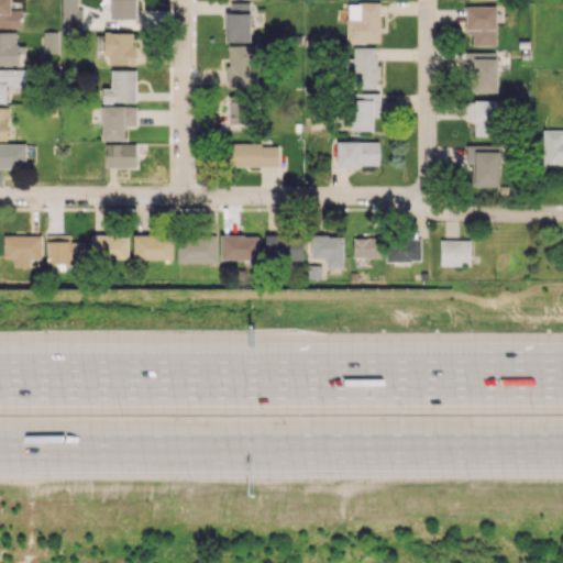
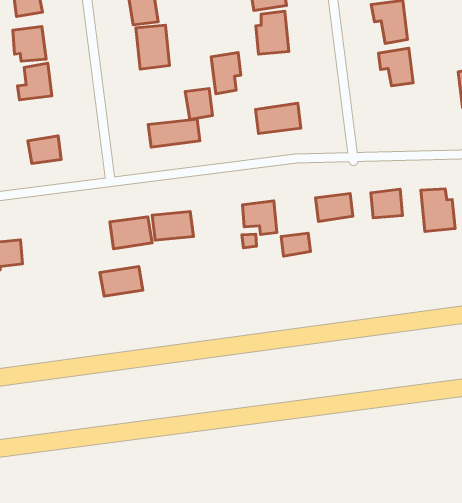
building: [353,93,380,132] -> [211,52,241,94]
building: [229,97,253,125] -> [185,89,213,120]
building: [102,107,136,142] -> none
building: [466,145,500,187] -> none
building: [133,235,174,261] -> [100,266,143,296]
building: [266,235,303,262] -> none
building: [92,236,129,260] -> none
building: [353,239,380,258] -> [281,233,311,256]
building: none -> [421,189,455,232]

